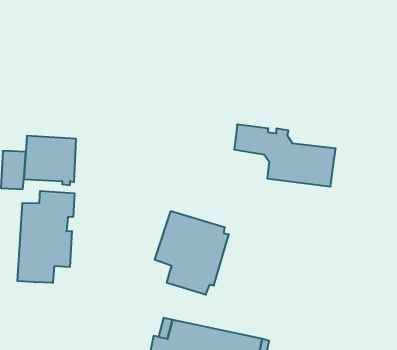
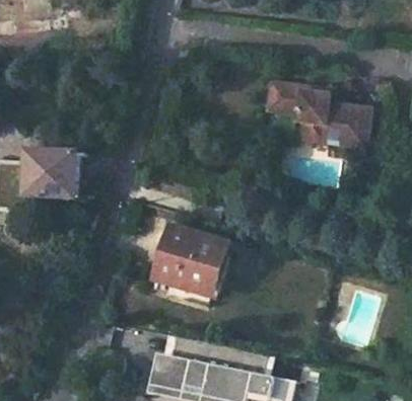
building: [234,124,336,187] -> [266,82,368,145]
building: [18,191,74,283] -> none

